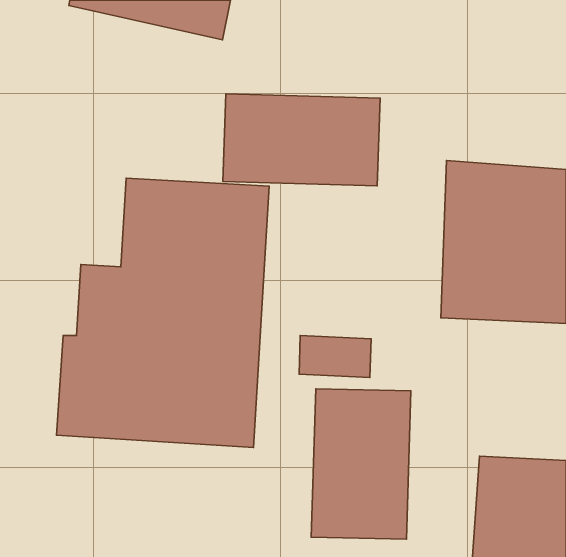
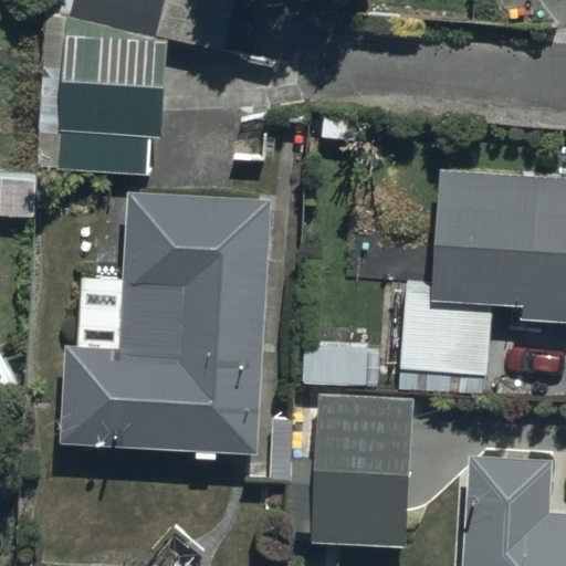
building: none -> [41,14,164,176]
building: [223,94,380,186] -> none

